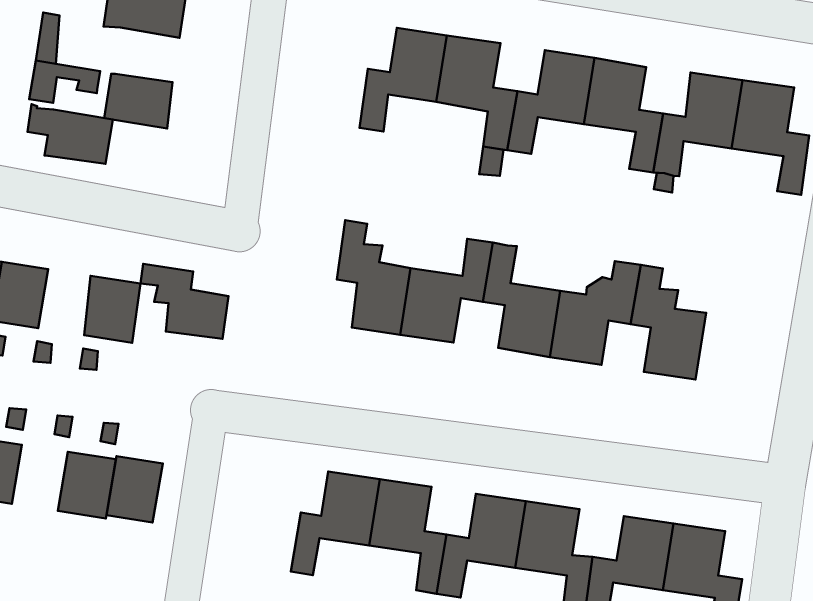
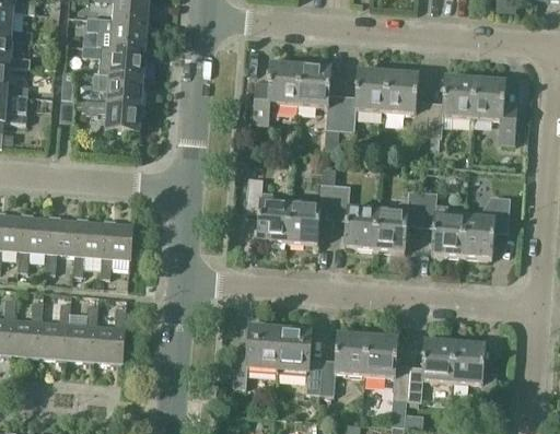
building: [28,104,113,164] -> [94,73,143,105]
building: [140,264,228,339] -> none
building: none -> [73,220,102,257]
building: none -> [460,197,509,258]
building: [106,456,163,522] -> [66,324,96,361]

